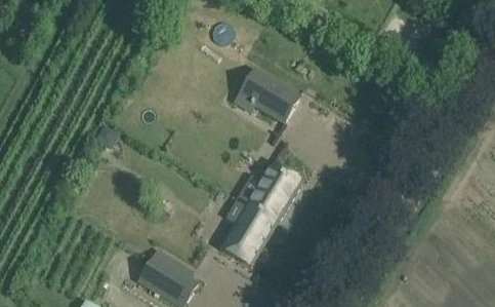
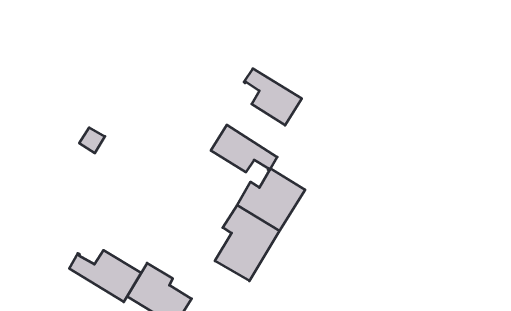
building: none -> [211,125,277,172]
building: none -> [69,250,141,302]

